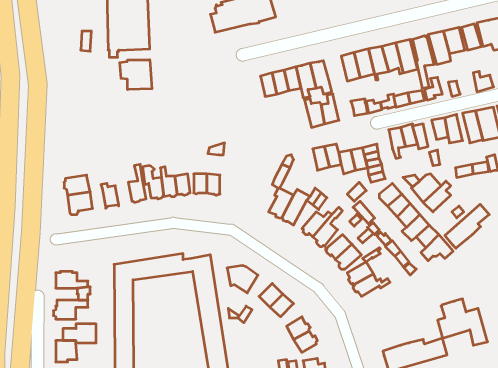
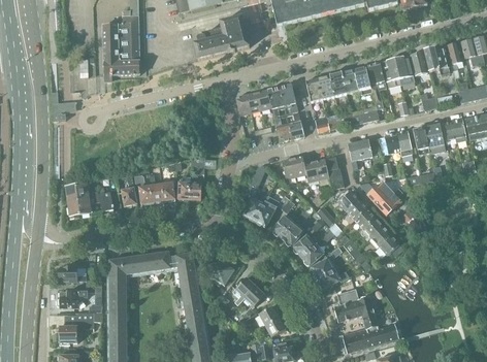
building: [120,60,152,90] -> none
building: [445,204,489,248] -> none
building: [438,299,488,345] -> [334,288,378,328]

